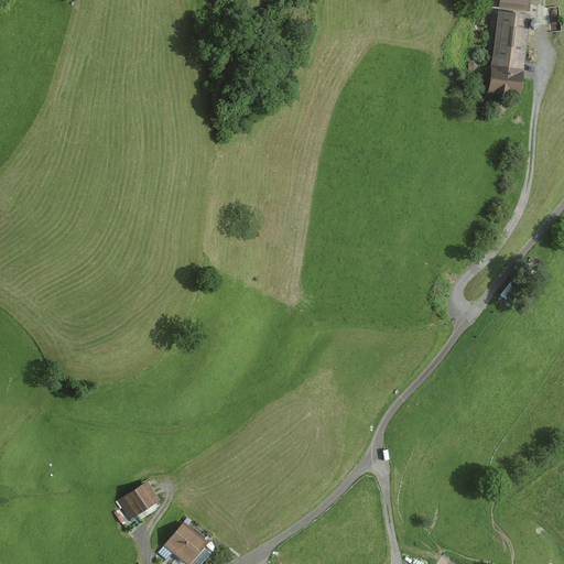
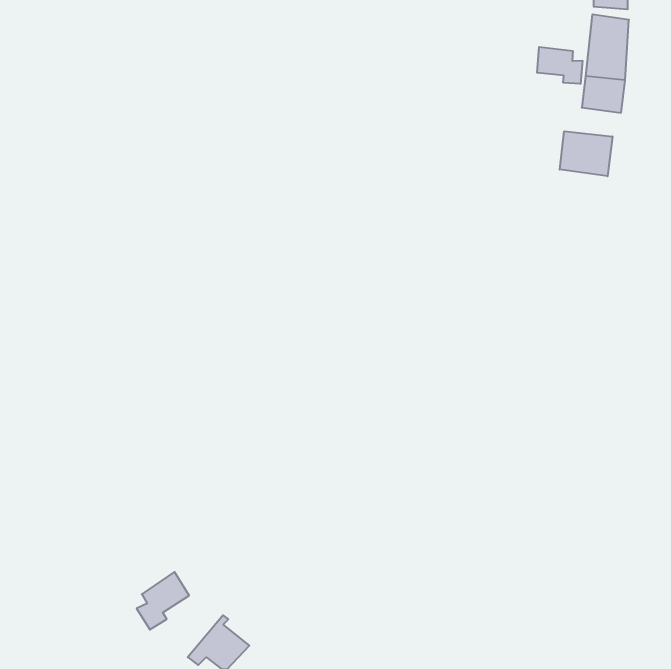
building: none -> [537,47,582,84]
building: none -> [560,131,612,176]

